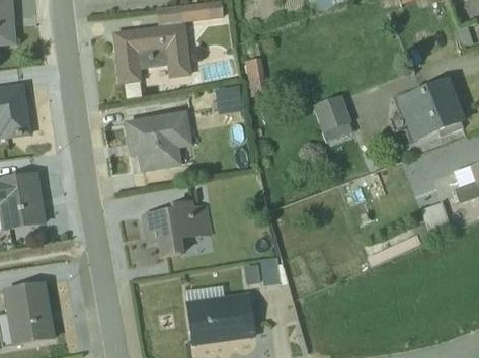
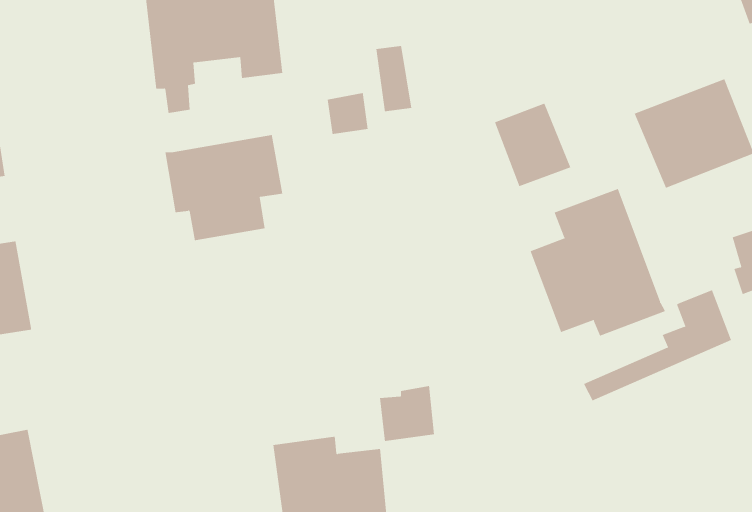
building: none -> [530,188,666,336]
building: [141,199,213,258] -> none

